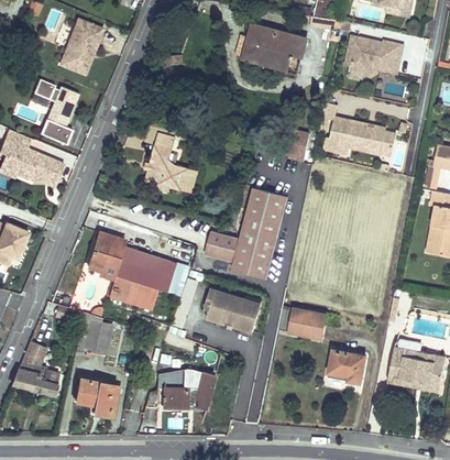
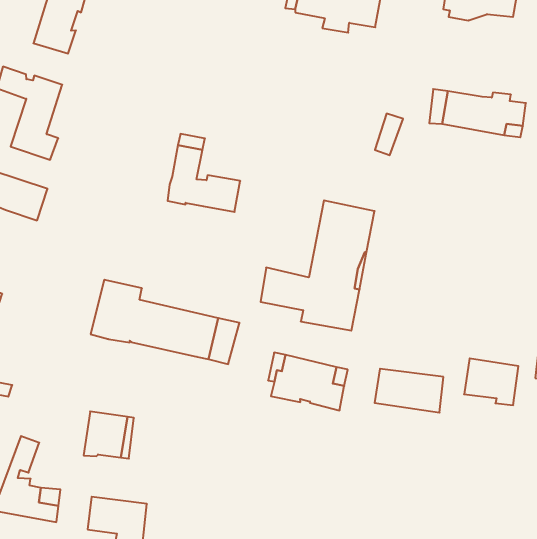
building: [108,274,158,308] -> none
building: [328,348,366,382] -> [464,358,518,405]
building: [156,368,215,409] -> none

